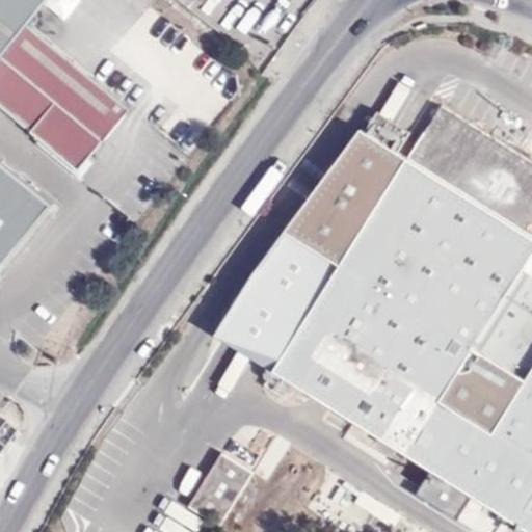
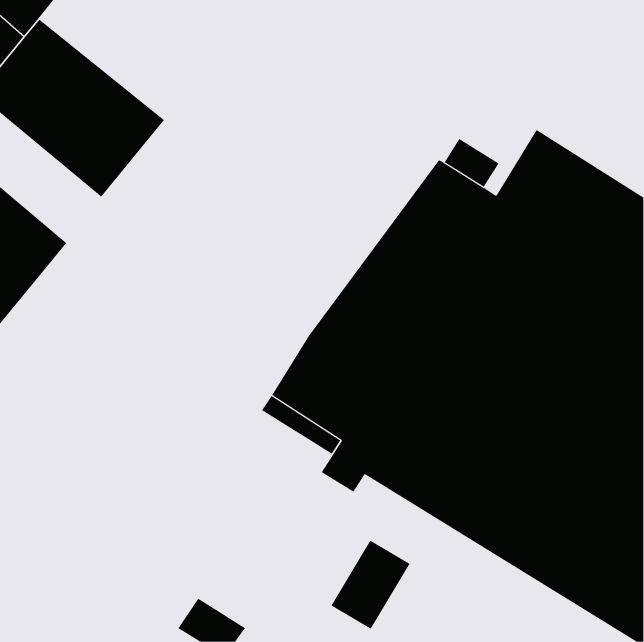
building: [188,449,254,523] -> [331,540,410,630]

